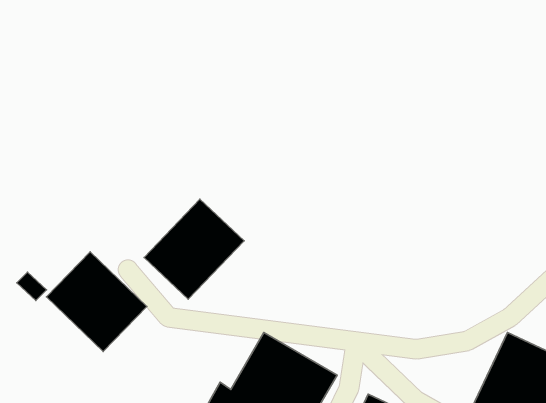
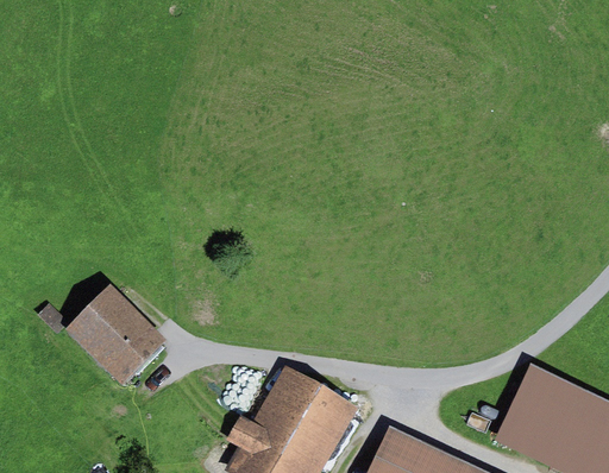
building: [144,199,244,299] -> none

